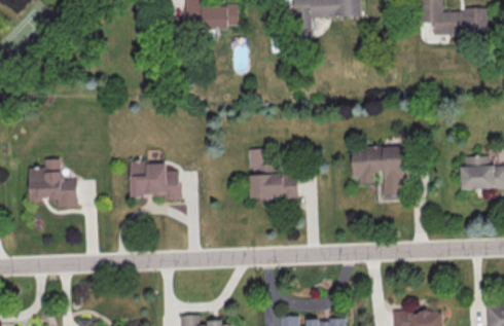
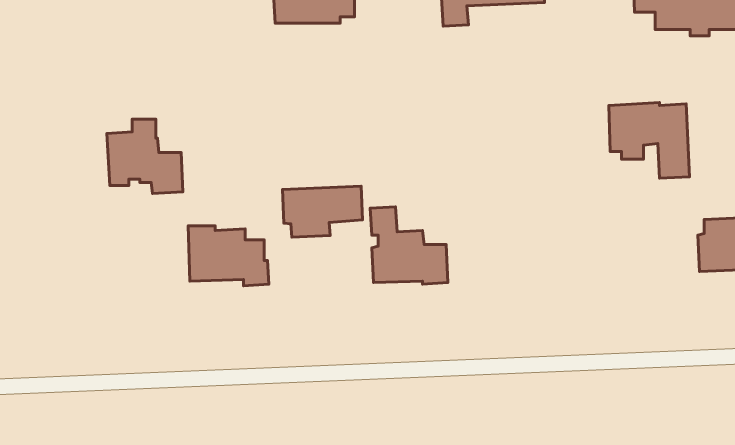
building: none -> [283,186,362,237]
building: [351,146,403,195] -> [609,102,689,178]
building: [28,159,77,208] -> [107,119,183,193]

